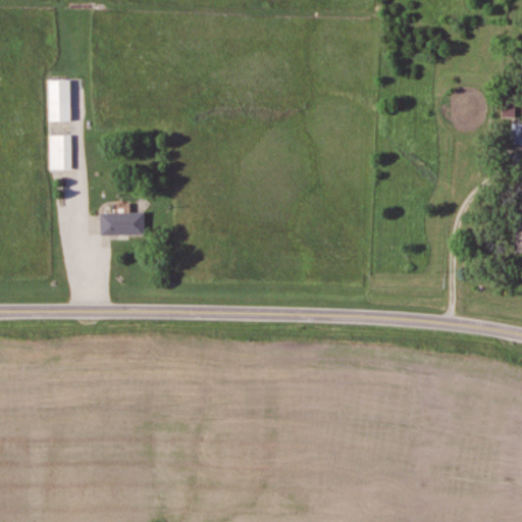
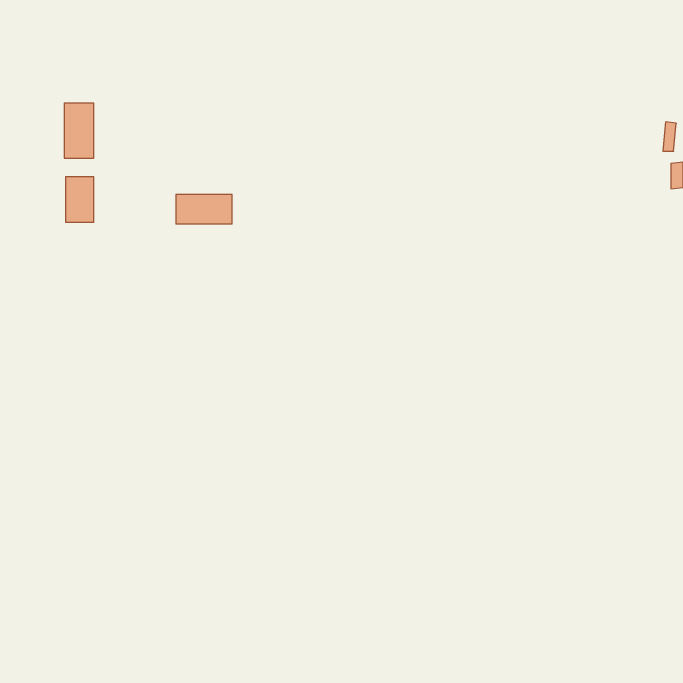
building: [102,213,145,236] -> [176,194,232,224]

